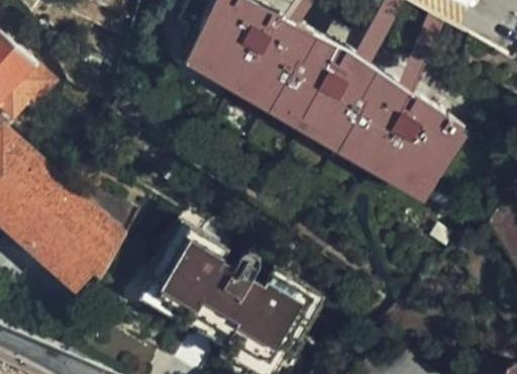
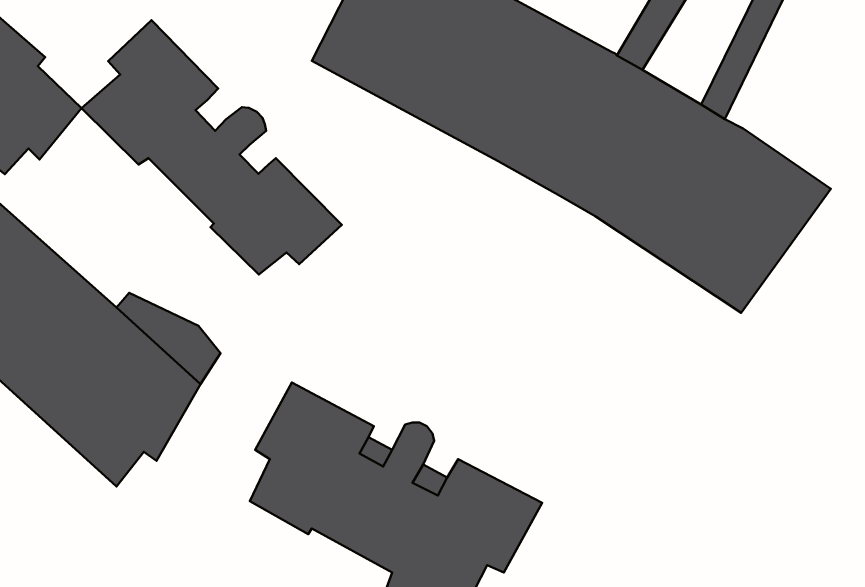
building: none -> [82,20,342,275]

